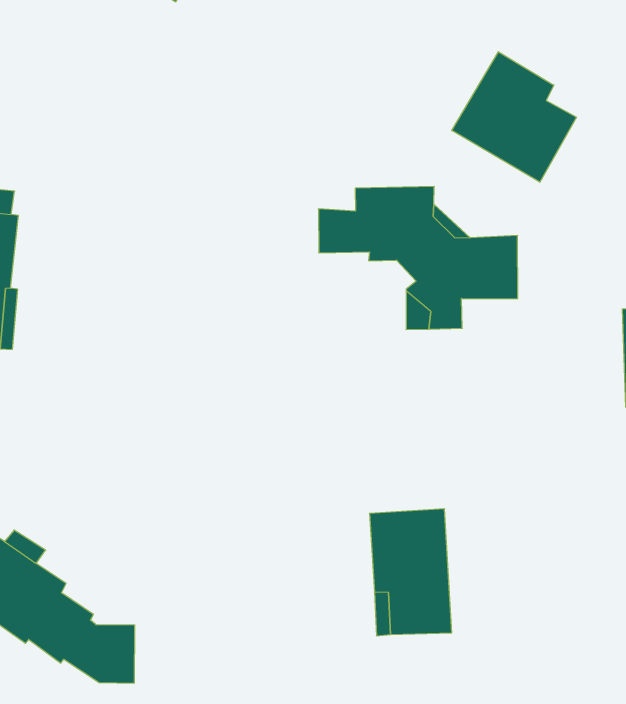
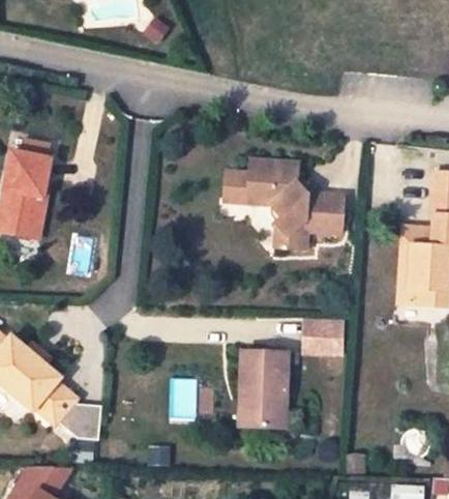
building: [452,52,576,182] -> none
building: none -> [303,319,346,355]

